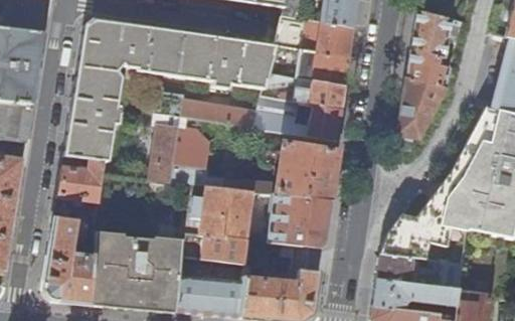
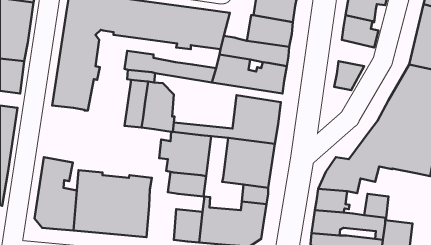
building: [404,77,447,109] -> none
building: [58,158,104,202] -> none
building: [177,274,212,314] -> none

